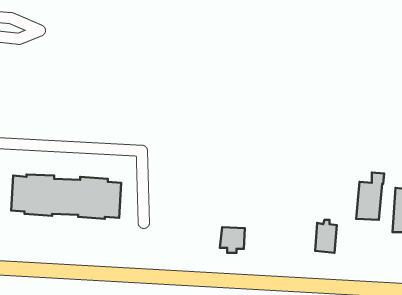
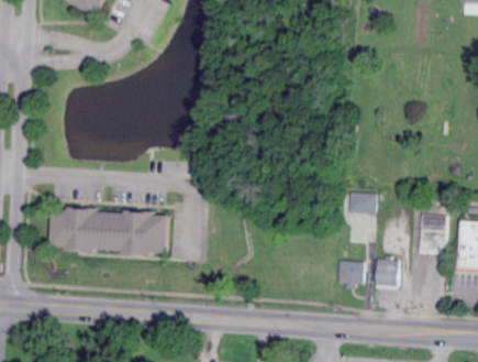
building: none -> [348,193,376,215]
building: [220,227,245,253] -> [337,262,364,289]

